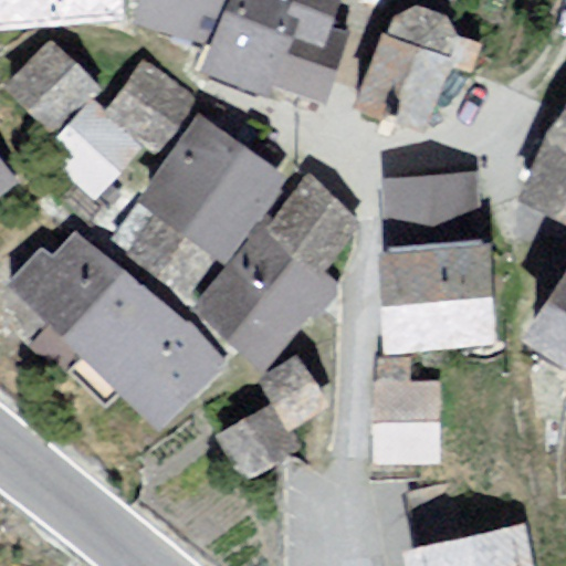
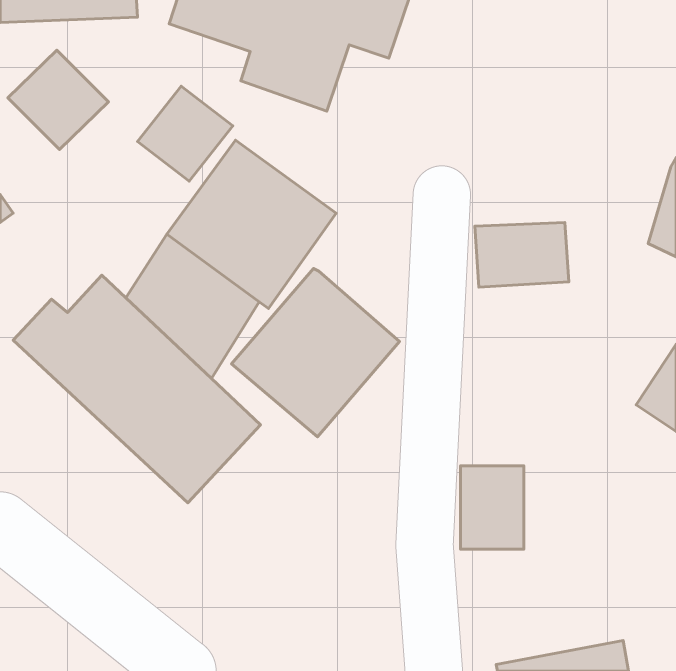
building: [358,10,459,136] -> none
building: [50,106,140,196] -> none
building: [266,177,361,270] -> none
building: [390,252,490,346] -> none
building: [222,350,325,471] -> none

